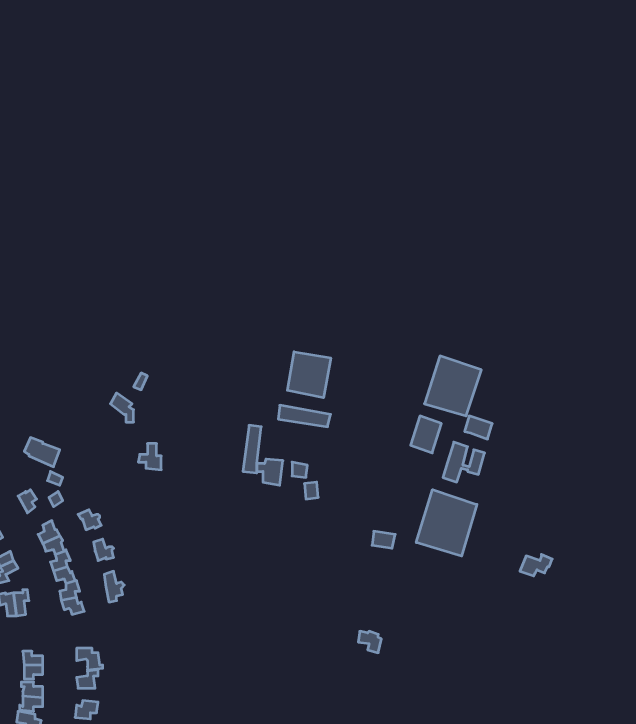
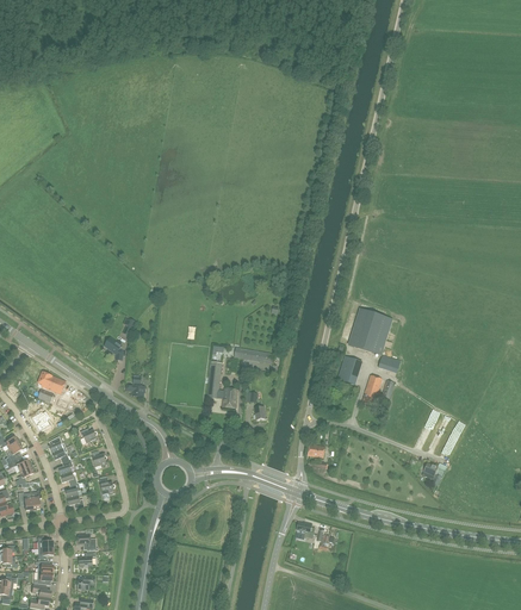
building: [287,352,331,398] -> none
building: [416,490,477,556] -> none

